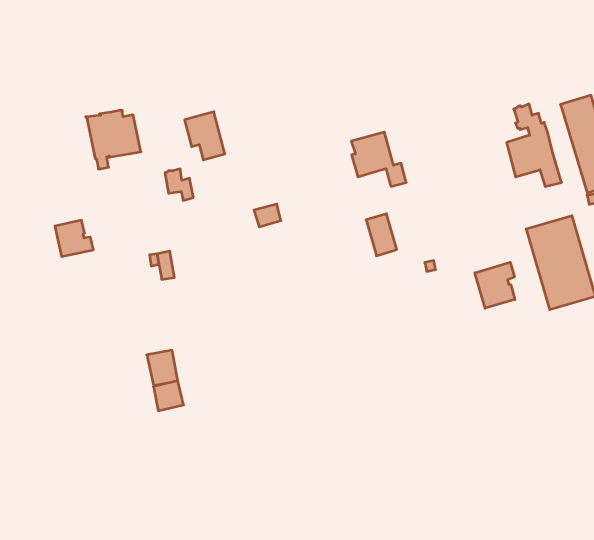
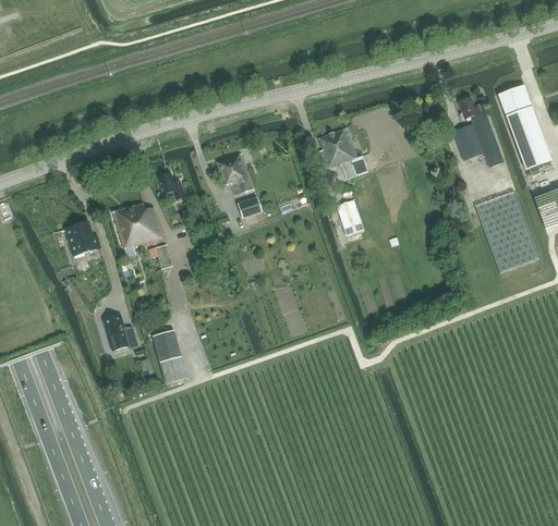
building: [86,110,141,169] -> [112,204,162,256]
building: [185,112,225,160] -> [217,152,254,195]
building: [475,262,515,308] -> none
building: none -> [104,314,130,350]

